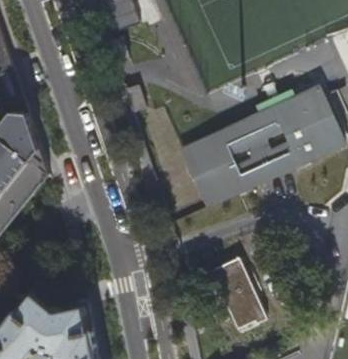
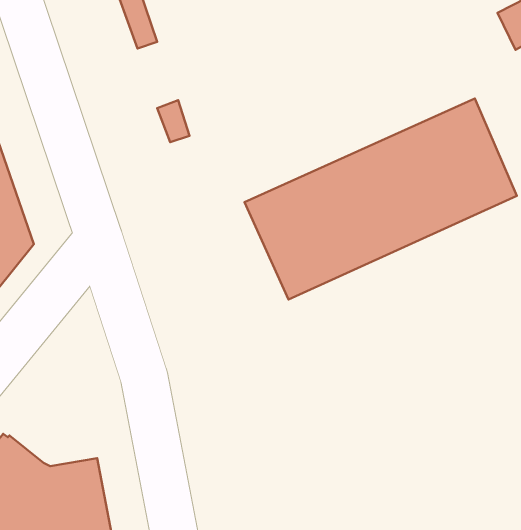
building: [205,258,263,331] -> none

